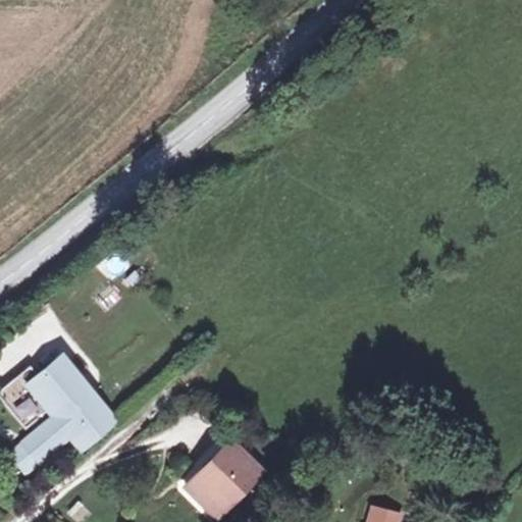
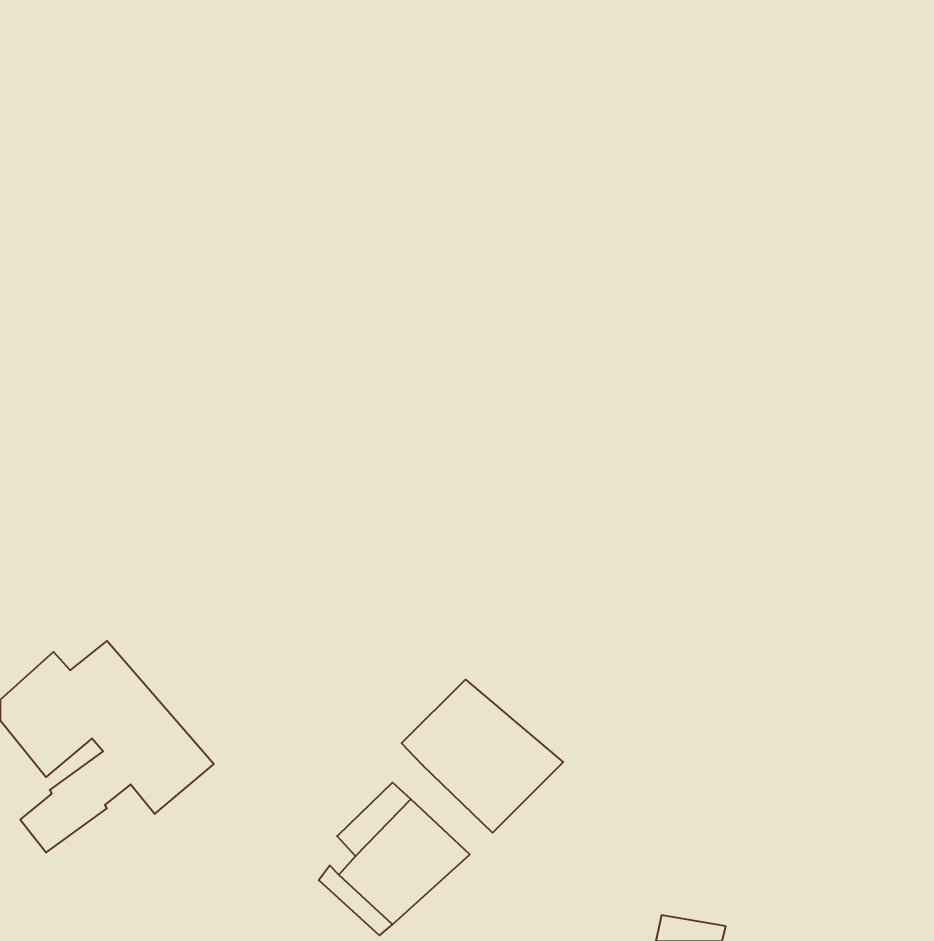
building: none -> [402,680,563,833]

